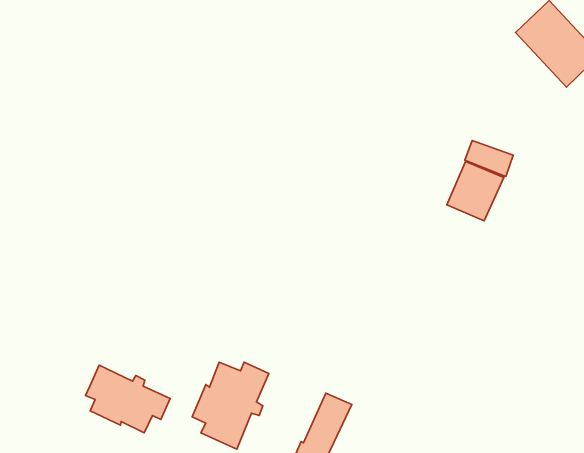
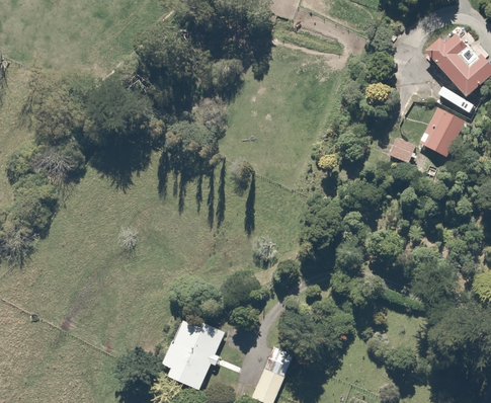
building: [447,161,504,221] -> [419,106,466,155]
building: [85,365,170,433] -> none

